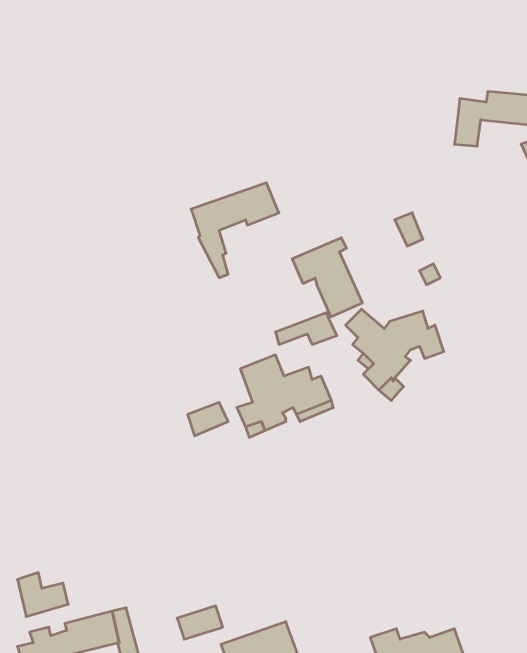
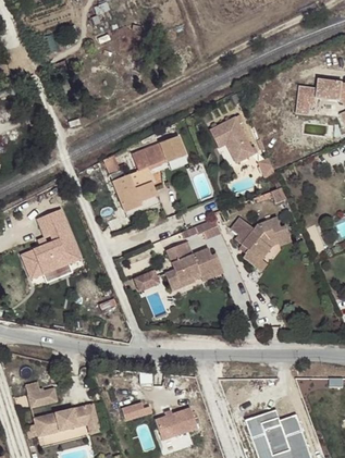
building: none -> [113,171,150,211]
building: [292,238,362,317] -> [211,113,255,162]
building: none -> [23,210,81,278]

